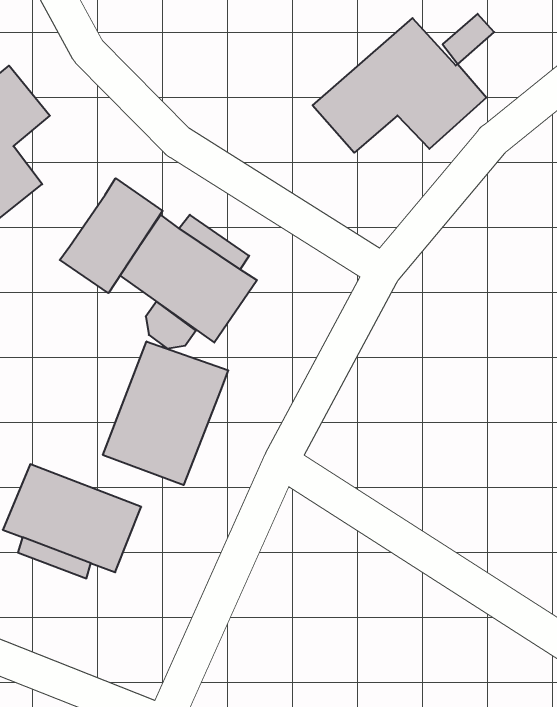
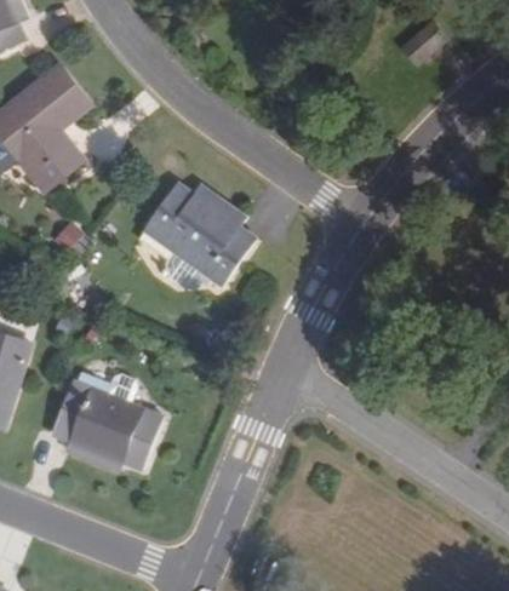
building: [313,18,487,153] -> none
building: [60,178,163,293] -> none
building: [103,341,228,485] -> none

